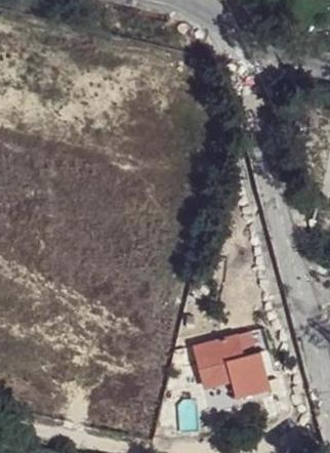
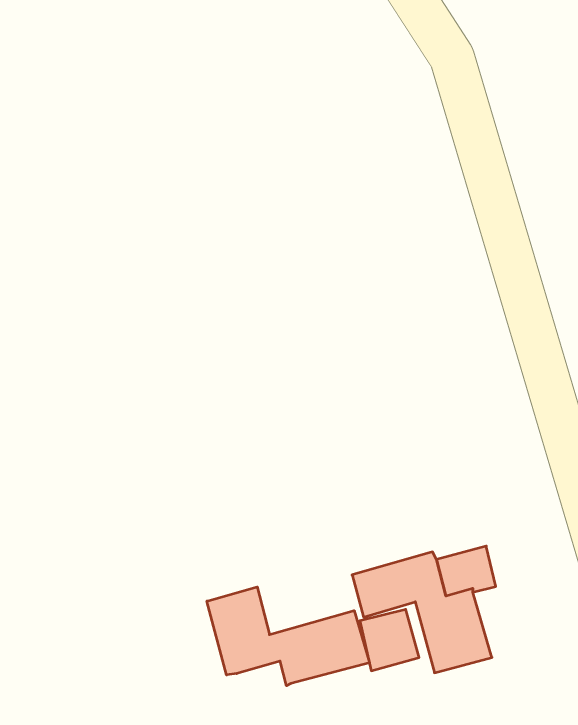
building: none -> [207,587,369,686]

